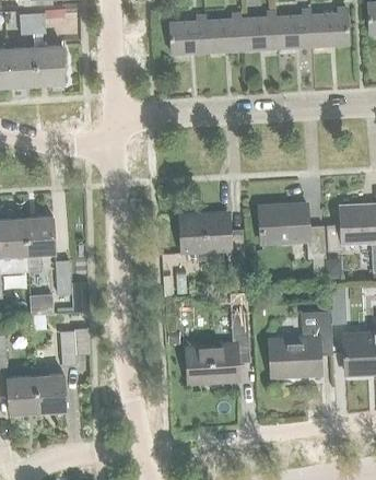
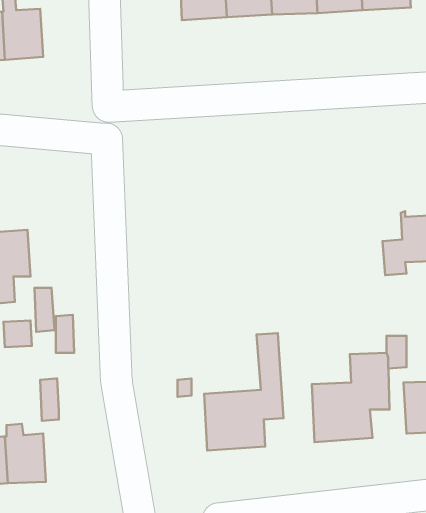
building: [258,204,324,281] -> none
building: [180,210,245,291] -> none

